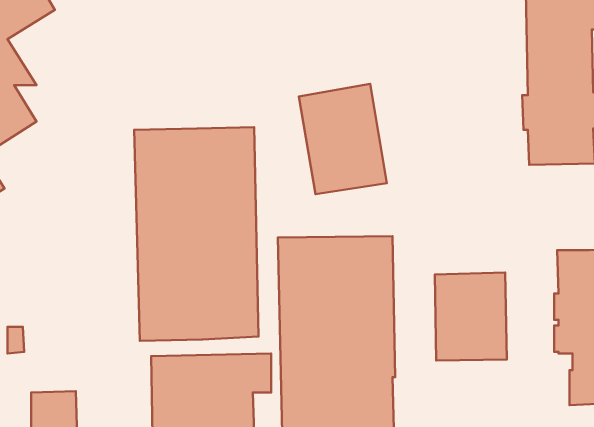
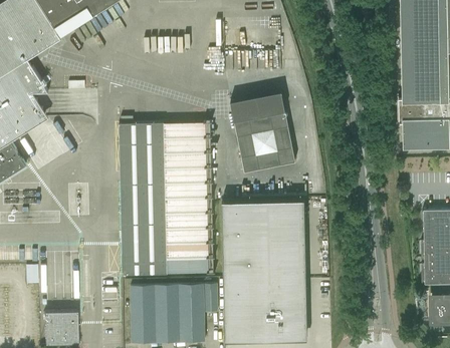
building: [435,273,507,360] -> none

